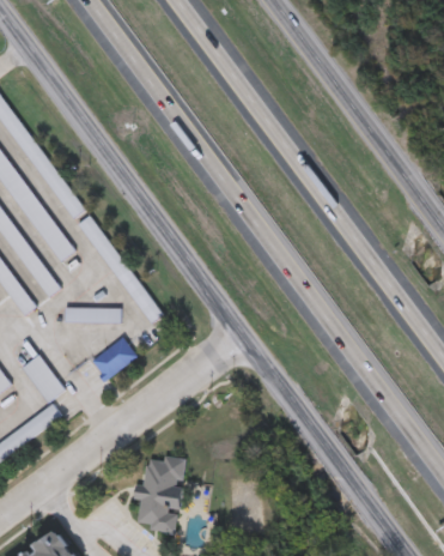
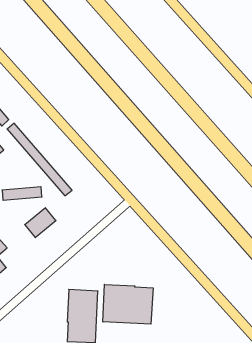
building: none -> [103,284,153,324]

